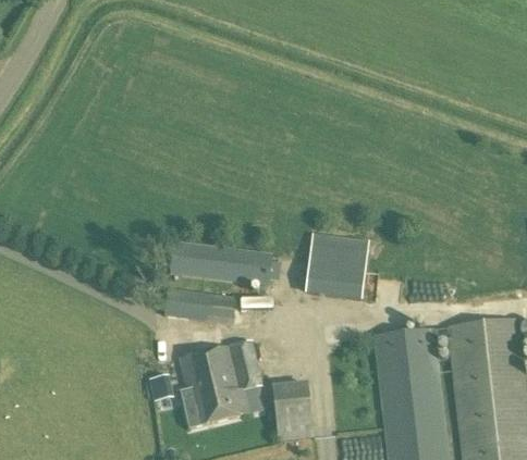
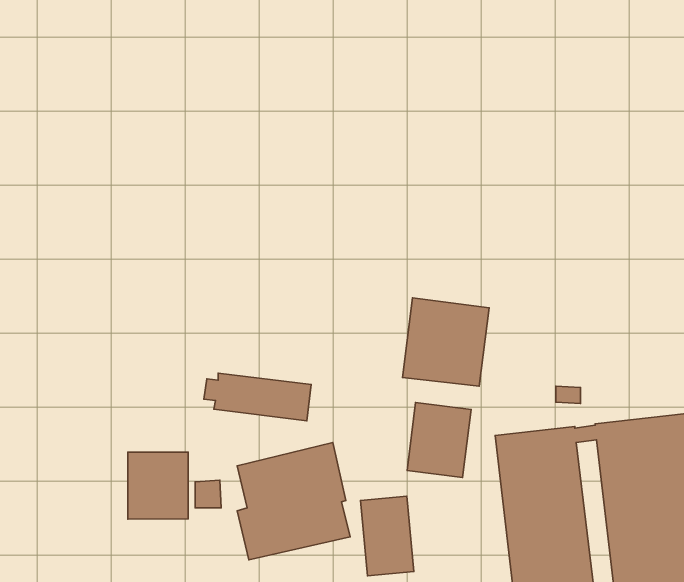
building: [160,239,280,285] -> none
building: none -> [407,403,471,477]
building: none -> [128,452,188,519]

